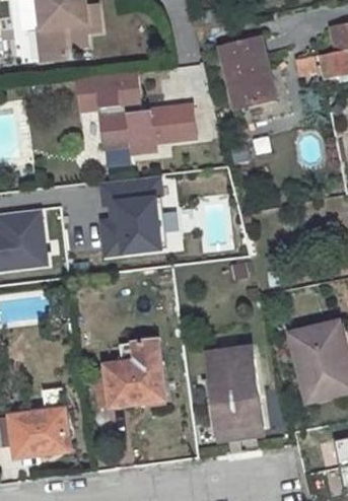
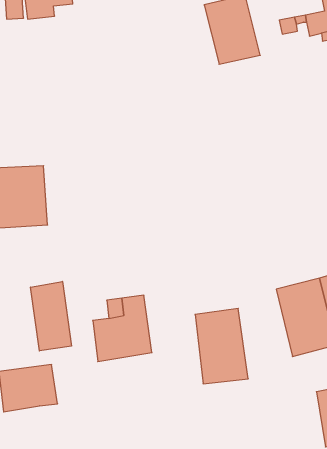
building: [77,71,195,152] -> none
building: [97,177,162,257] -> none
building: none -> [31,281,71,351]

